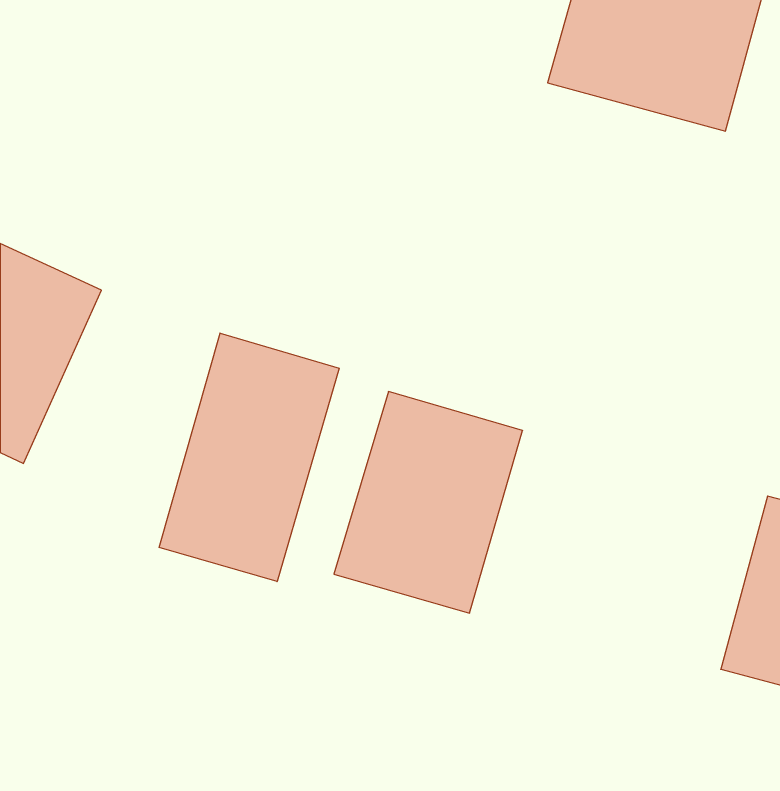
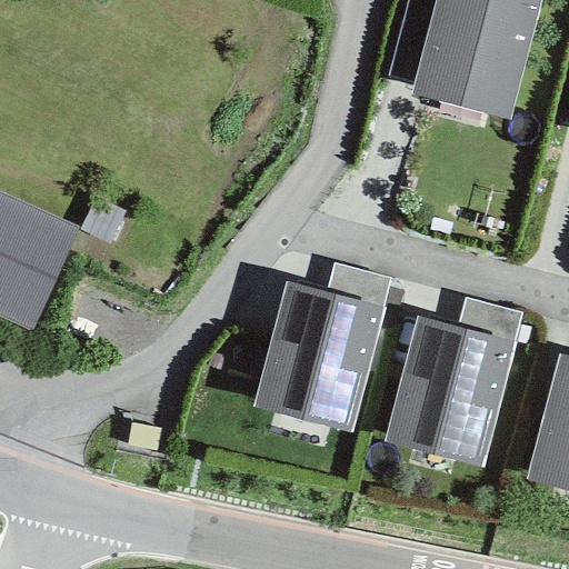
building: [159,333,339,582] -> none
building: none -> [382,317,516,471]

